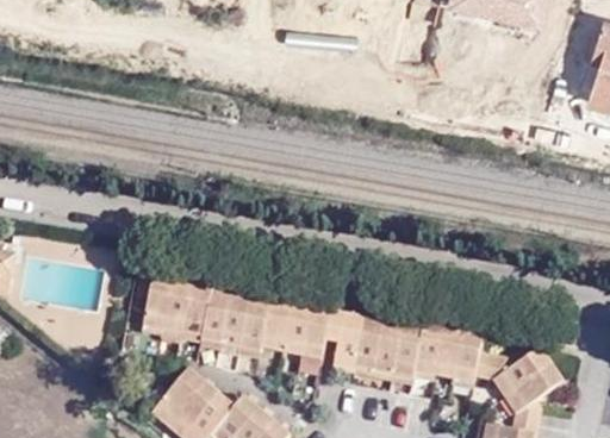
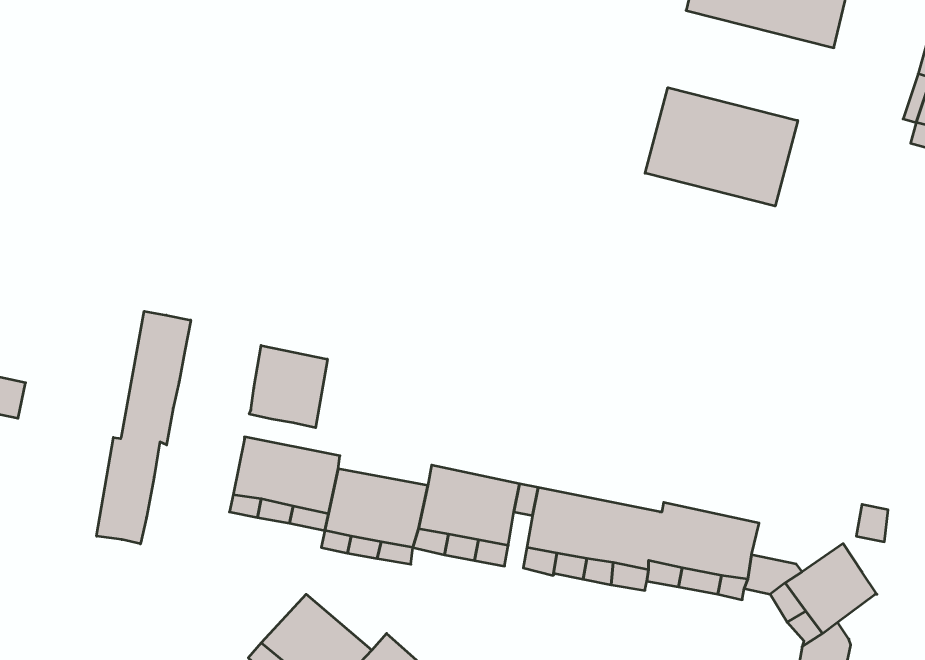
building: none -> [645,88,798,206]
building: none -> [97,311,191,544]
building: none -> [249,345,327,428]

